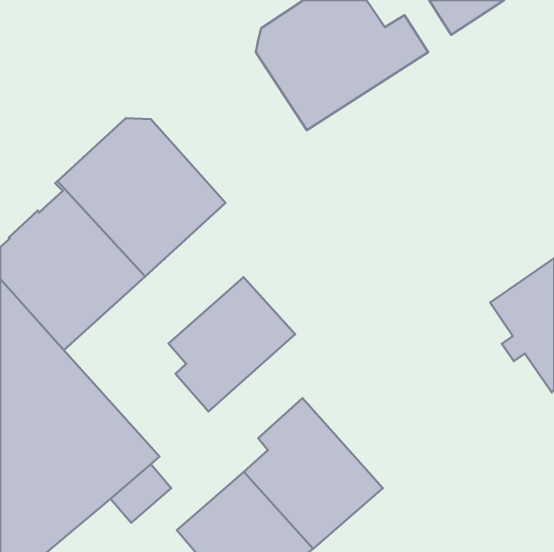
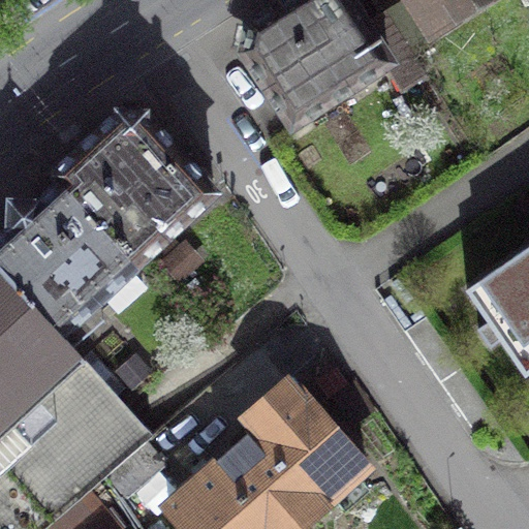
building: [169,277,295,412] -> none

